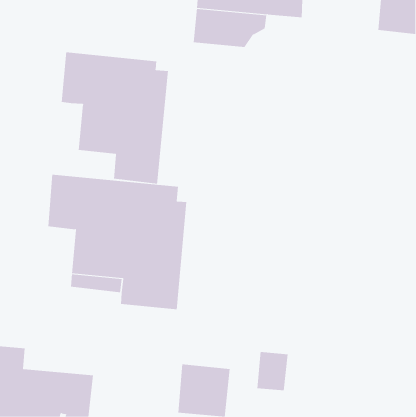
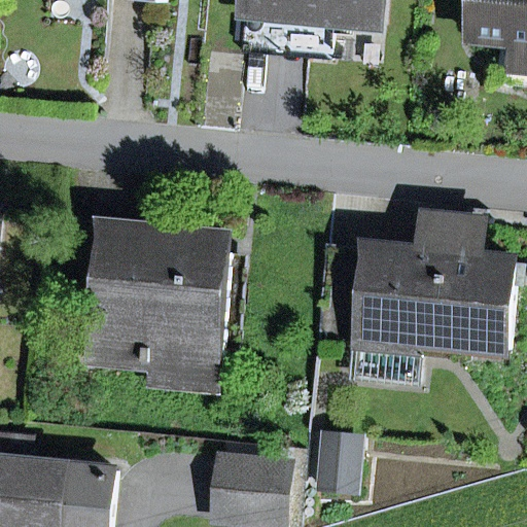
building: [61,51,168,184] -> none
building: none -> [317,219,520,382]

